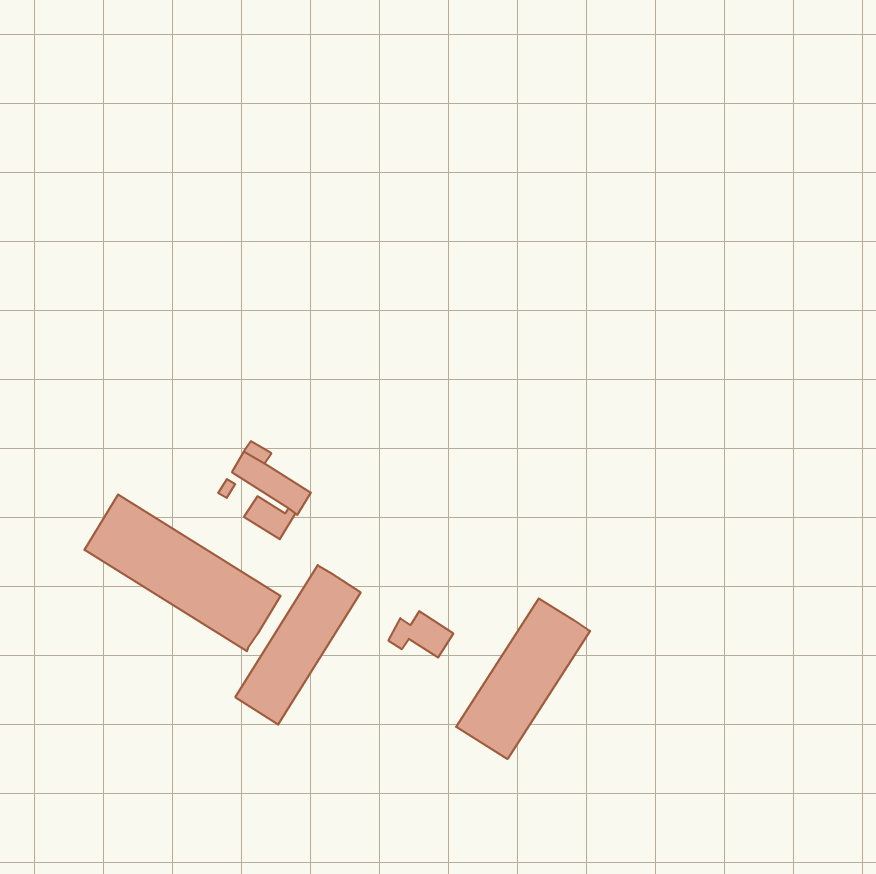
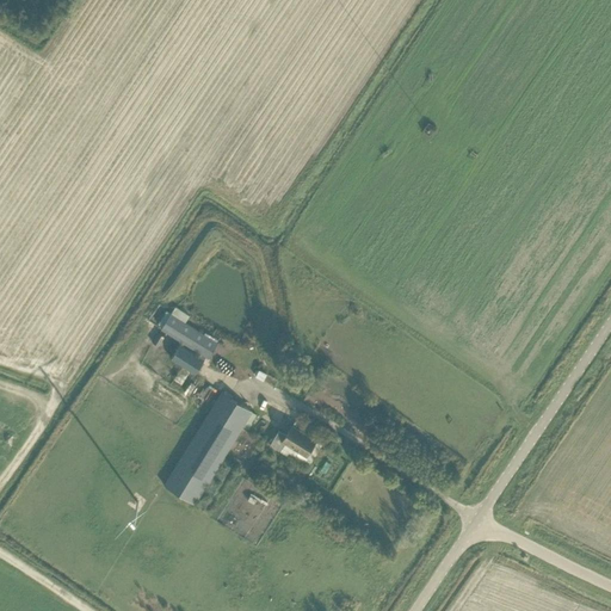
building: [84,494,281,651] -> none
building: [456,598,590,759] -> none

